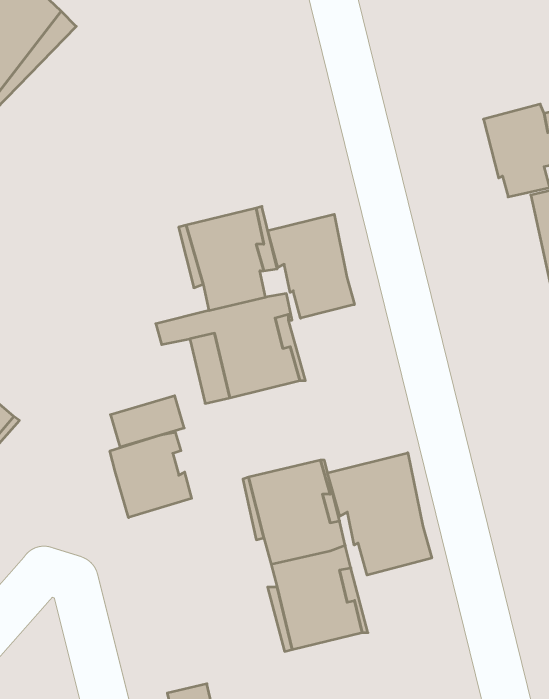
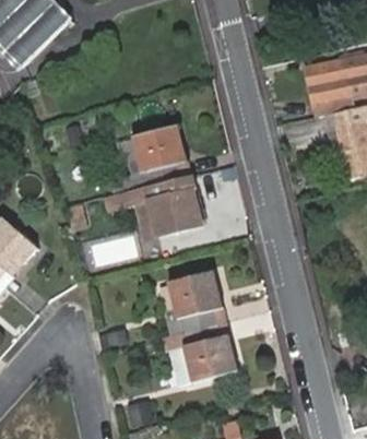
building: [268,214,354,318] -> none
building: [110,432,192,518] -> none
building: [328,453,432,575] -> none

